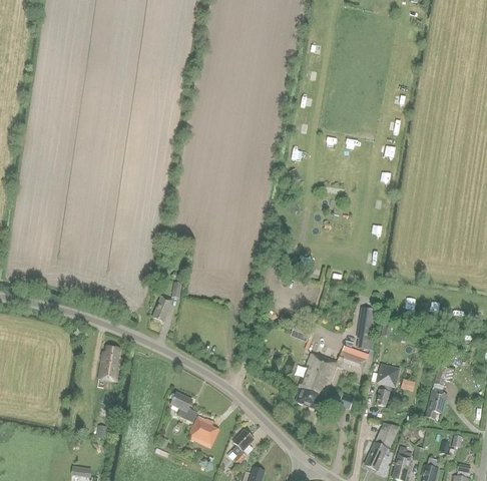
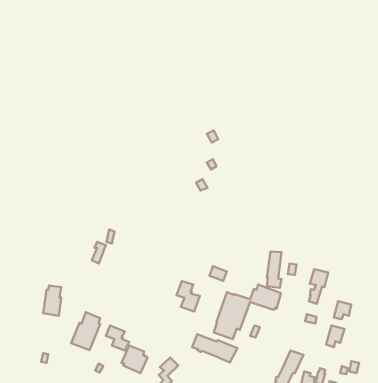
building: none -> [177,281,200,312]
building: [375,366,397,406] -> [309,269,328,304]
building: none -> [71,312,100,350]
building: none -> [192,334,238,363]

